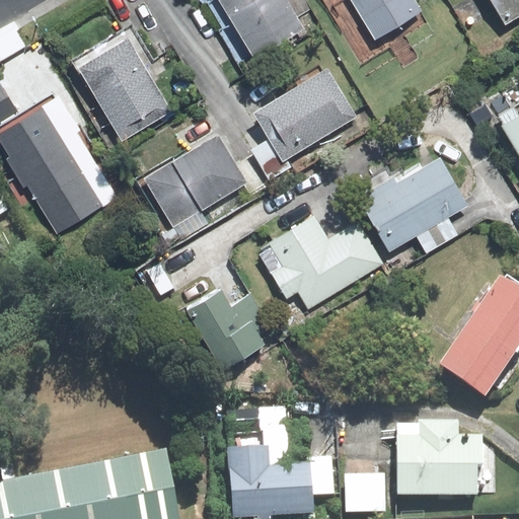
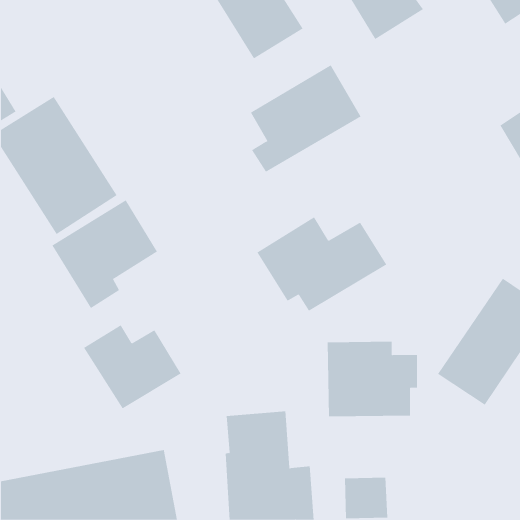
building: [75,35,172,142] -> none
building: [142,132,247,240] -> [52,199,158,309]
building: [358,152,469,252] -> none
building: [182,286,280,370] -> [83,324,181,409]
building: [393,423,484,498] -> [327,341,418,417]

